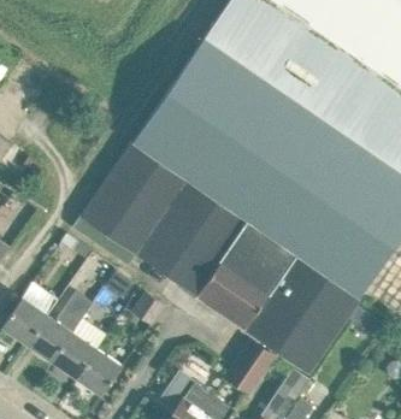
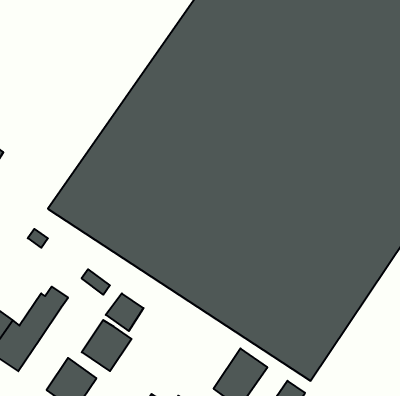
building: [53,334,98,379] -> [82,320,132,371]

